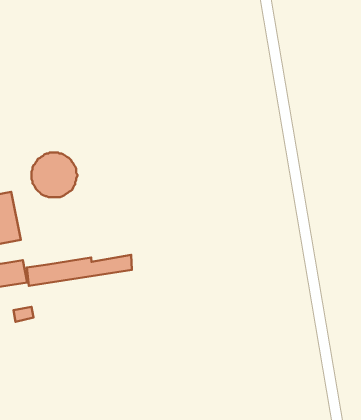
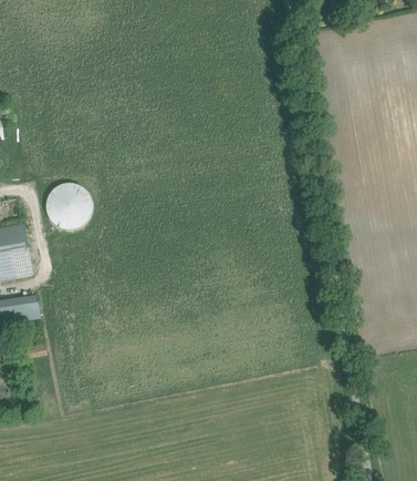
building: [27,255,132,286] -> none

